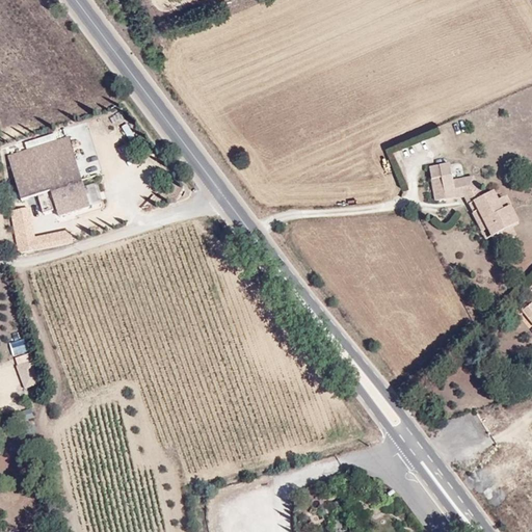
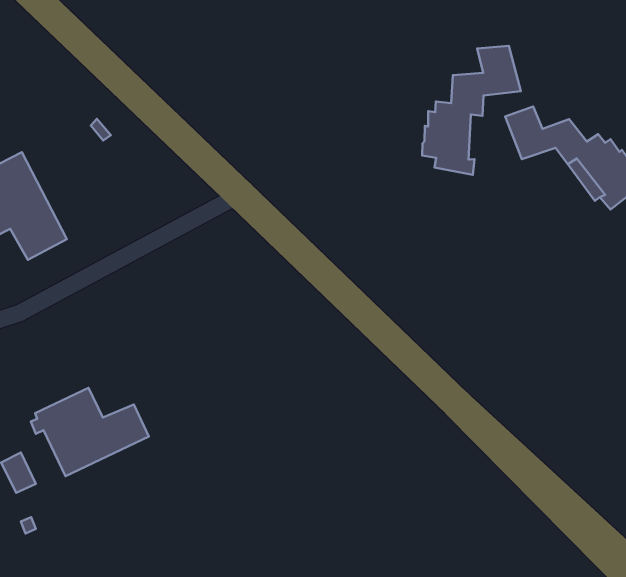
building: none -> [422,46,521,175]
building: none -> [31,388,149,476]

